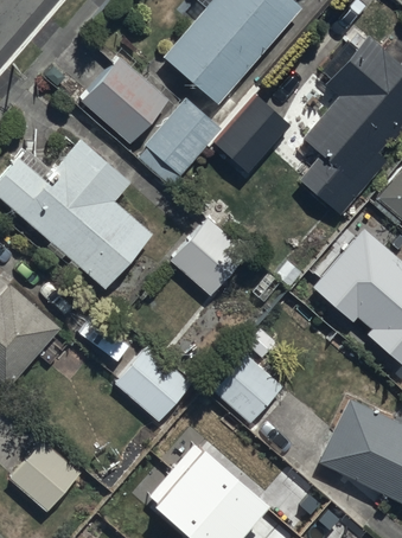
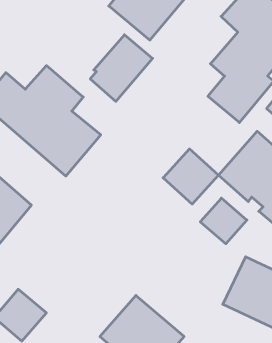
building: [82,57,168,142] -> none
building: [213,92,292,173] -> none
building: [171,222,245,296] -> [163,149,218,204]
building: [115,346,192,423] -> none
building: [217,361,280,423] -> [200,198,247,244]

